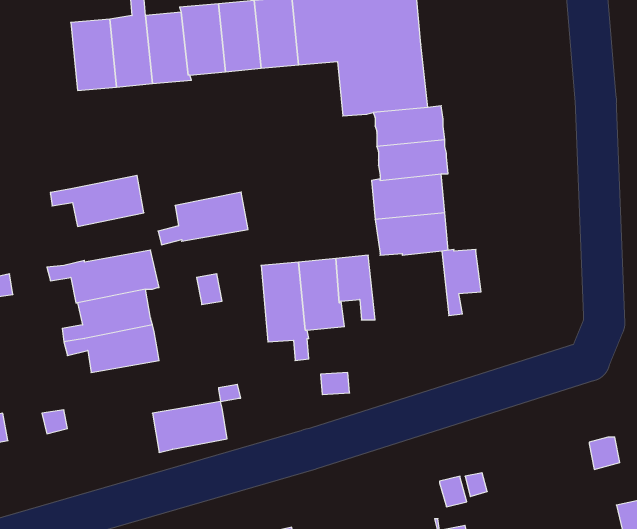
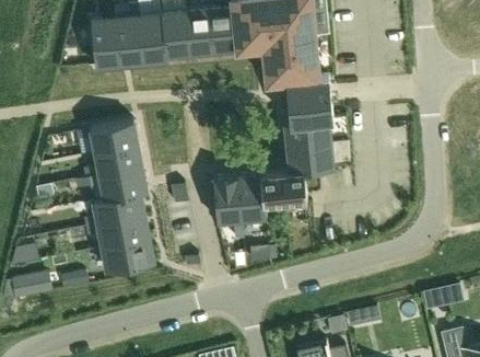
building: [158,192,248,245] -> [84,145,142,178]
building: [442,249,481,316] -> [282,171,307,214]
building: [152,401,227,452] -> [104,240,152,273]

